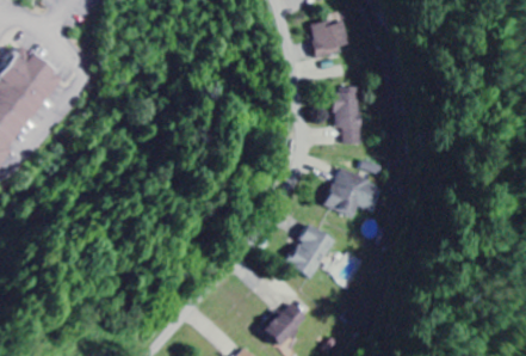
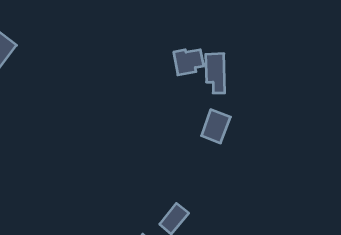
building: [309,20,352,56] -> [174,50,204,75]
building: [287,223,333,277] -> none

